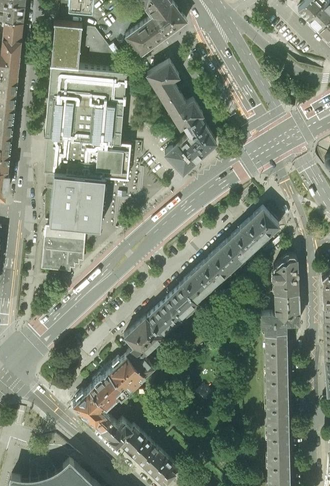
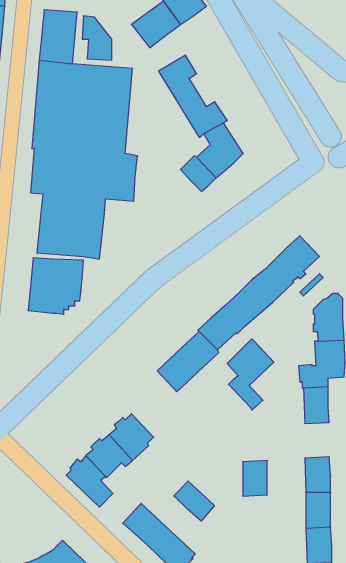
building: [125,317,163,375] -> [227,339,274,410]
building: [267,361,287,390] -> [243,461,267,496]
building: none -> [174,481,214,521]
building: [100,419,132,446] -> none

